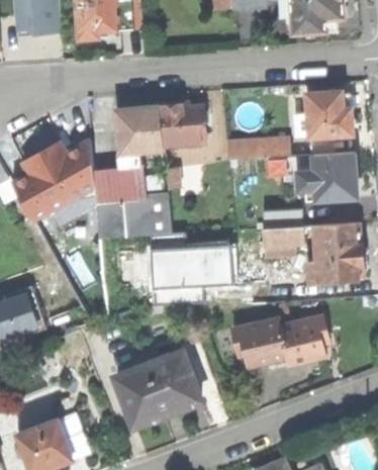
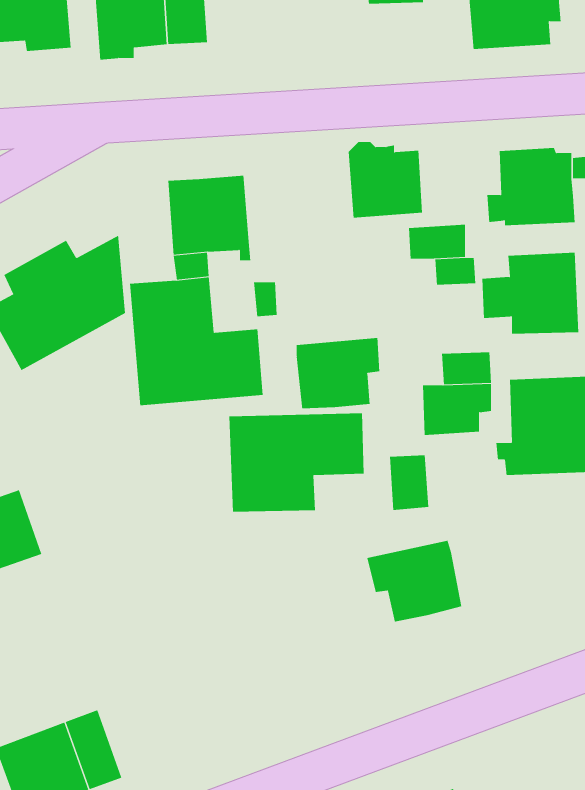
building: [161,100,204,145] -> [348,141,423,218]
building: none -> [296,337,380,409]
building: [281,315,327,361] -> none
building: [117,353,202,427] -> none

